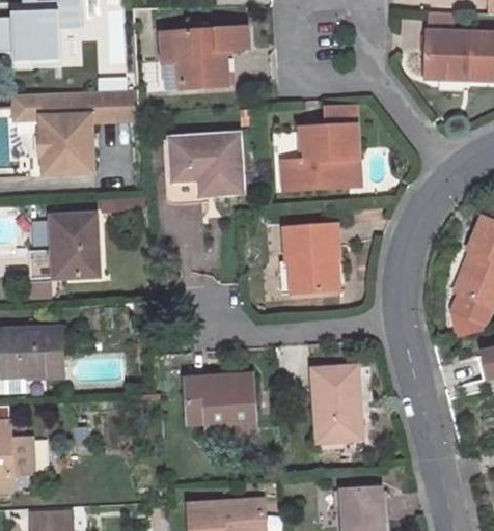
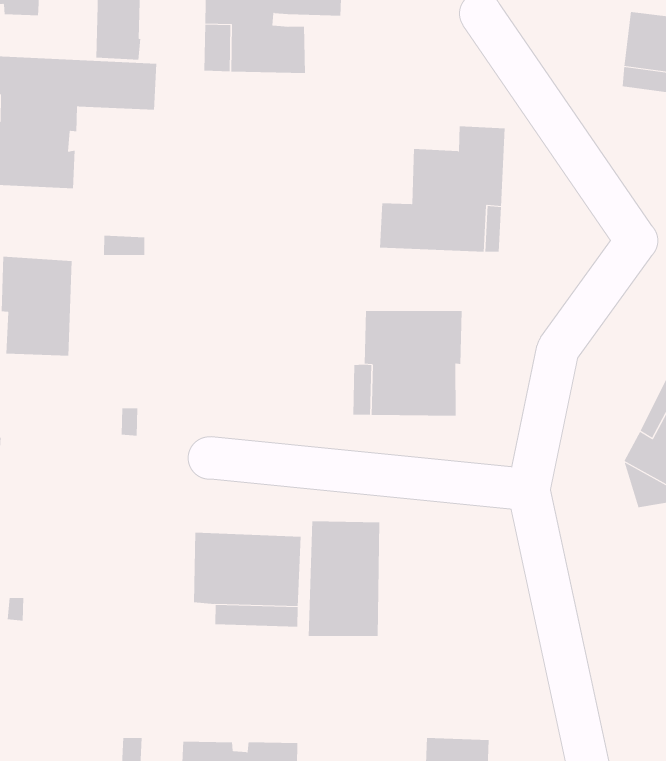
building: [172,135,243,195] -> none
building: [314,366,362,441] -> [308,521,380,637]

